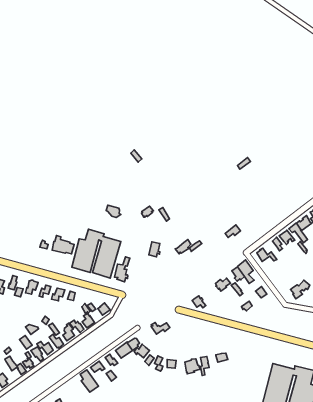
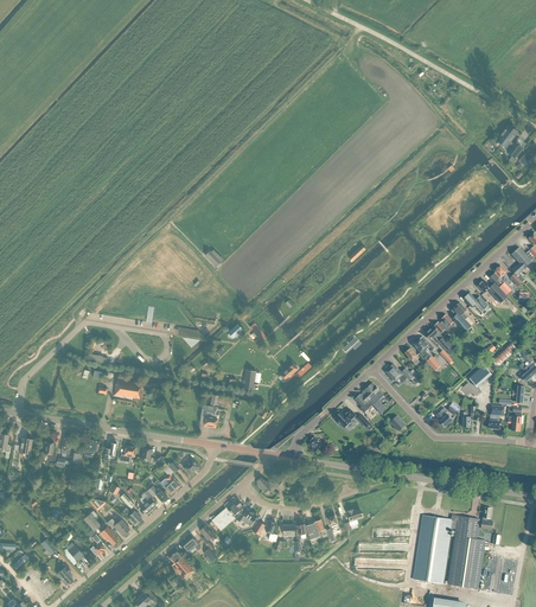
building: [72,229,121,278] -> none

